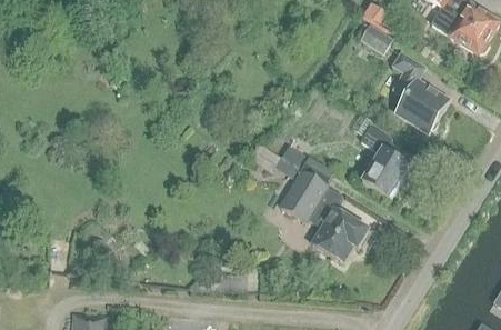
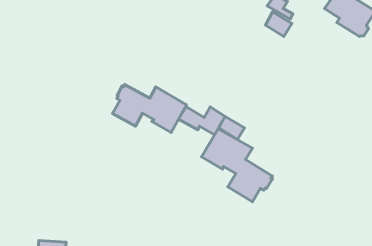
building: [392,52,448,133] -> none
building: none -> [113,84,187,132]
building: [360,123,408,197] -> none

